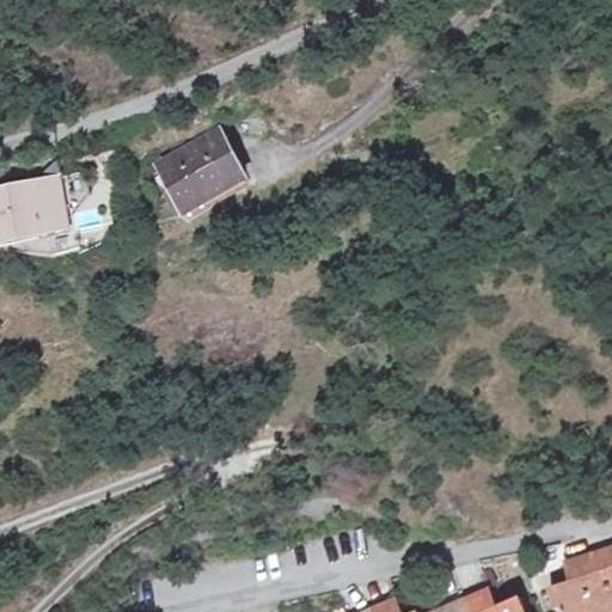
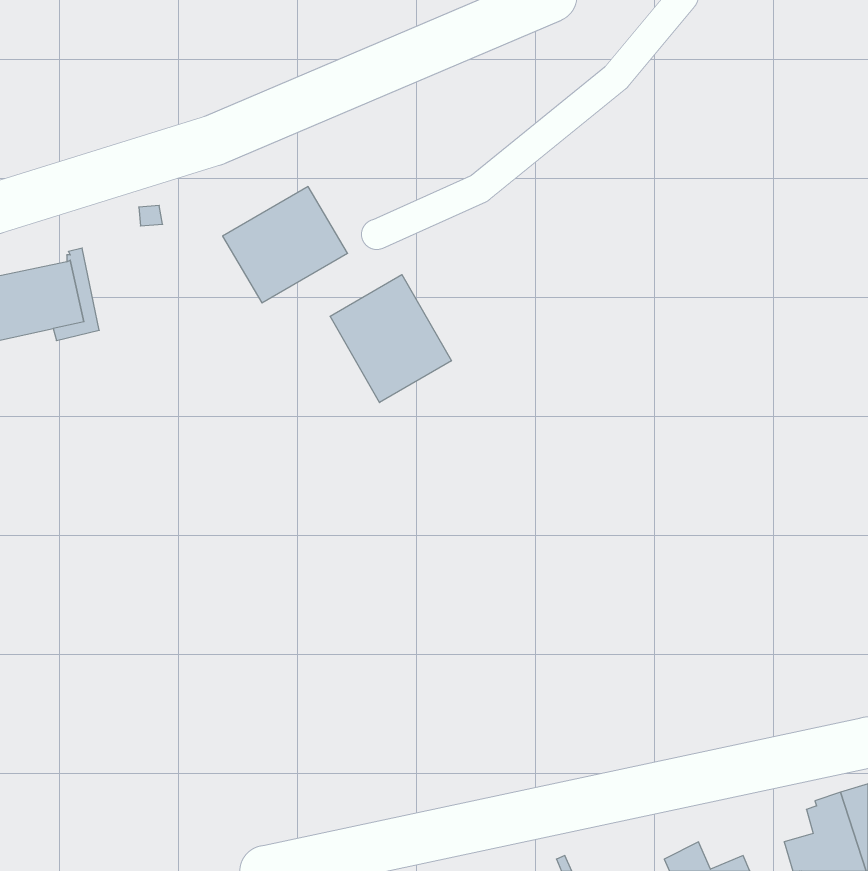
building: none -> [330,275,451,403]

